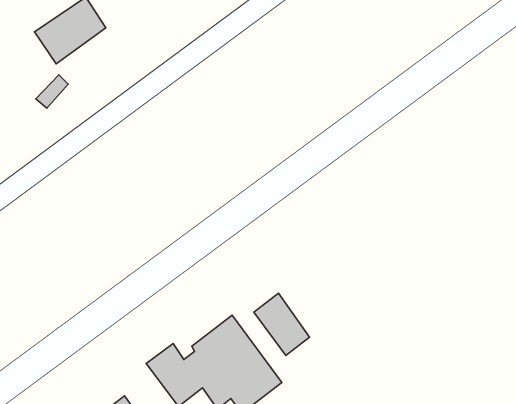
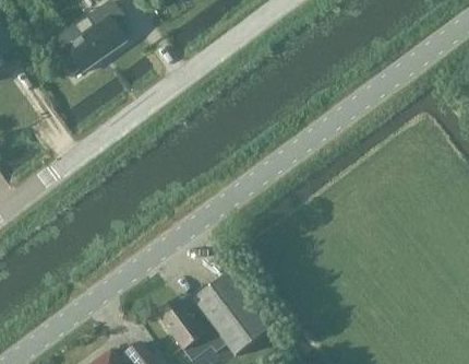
building: [254,293,309,355] -> none

